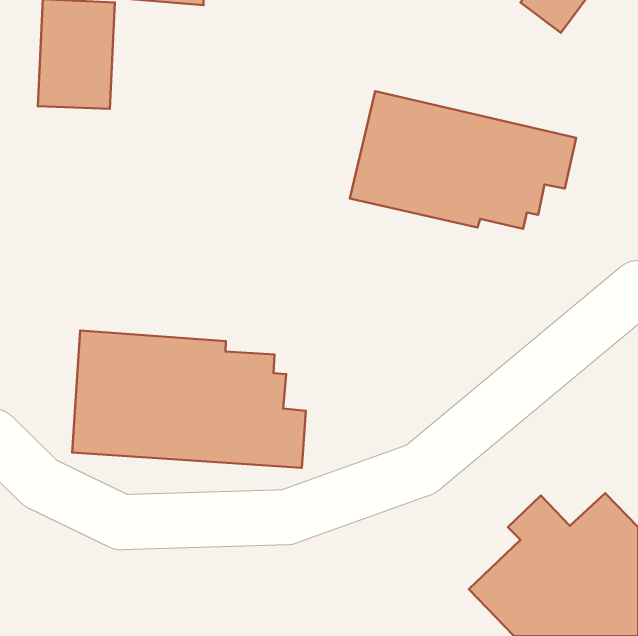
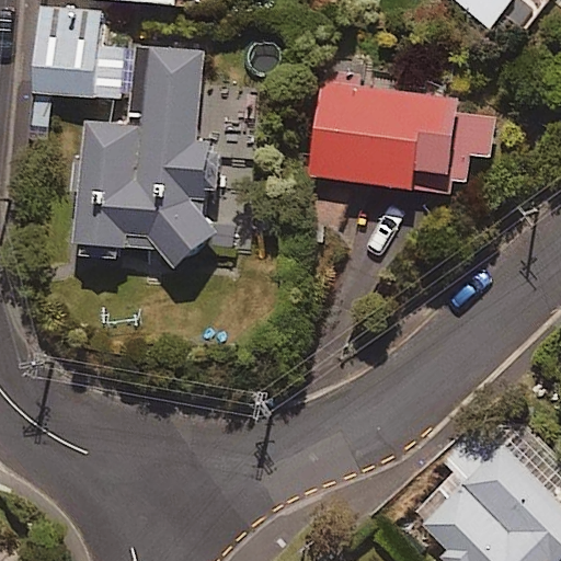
building: none -> [75,44,218,257]
building: [72,331,306,468] -> none

